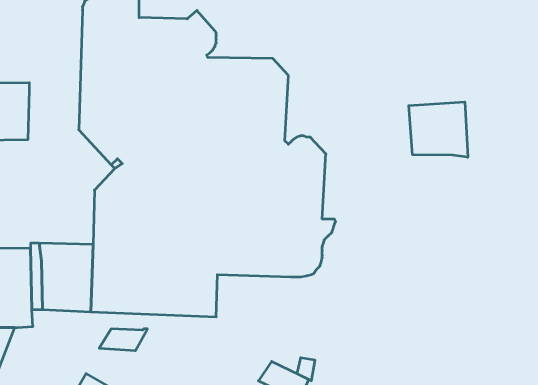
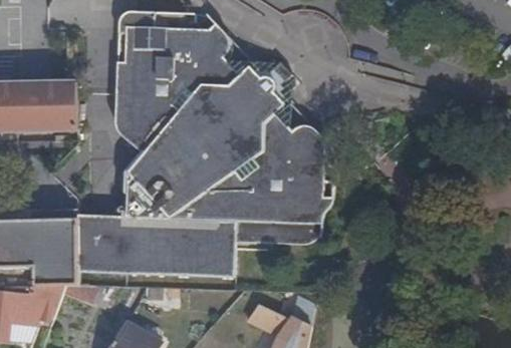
building: [409,102,468,157] -> none

